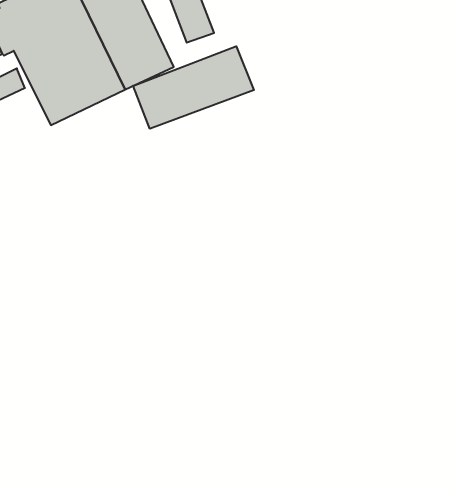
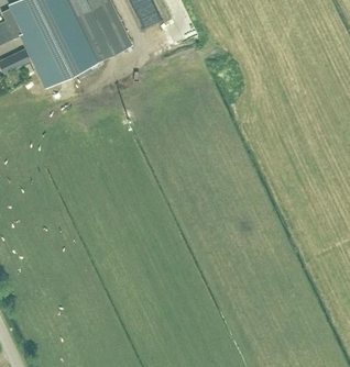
building: [133,46,254,129] -> none

